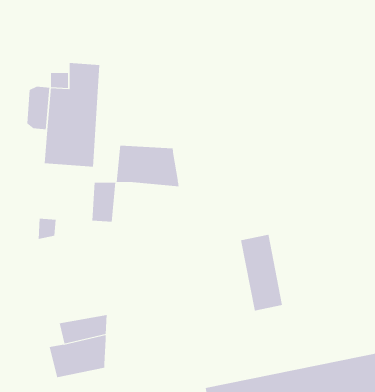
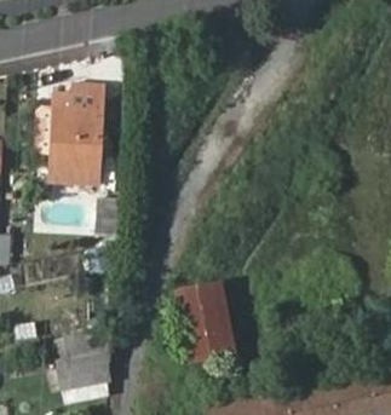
building: [116,145,179,187] -> none
building: [240,234,283,311] -> [185,283,226,358]

